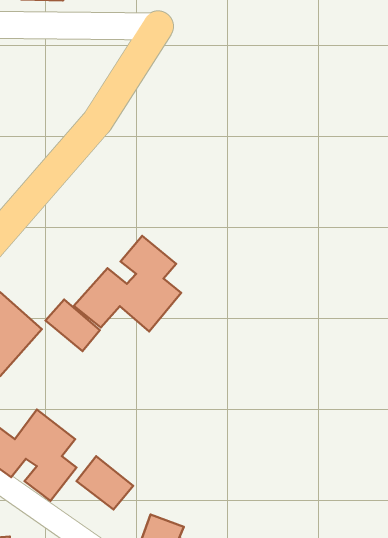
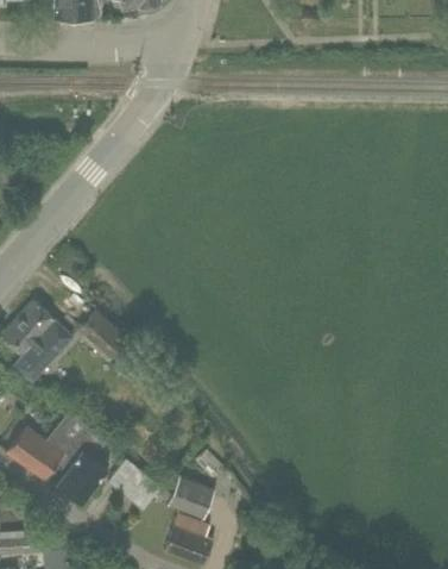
building: [74,236,181,331] -> none
building: none -> [169,475,215,518]

